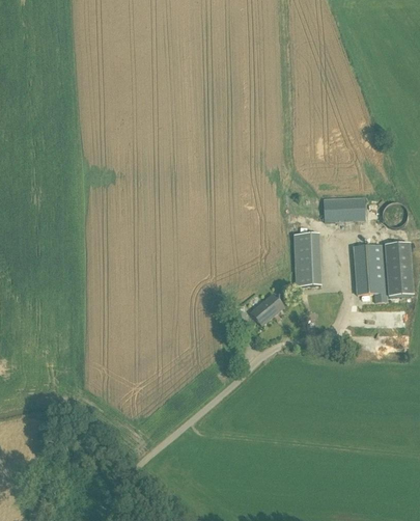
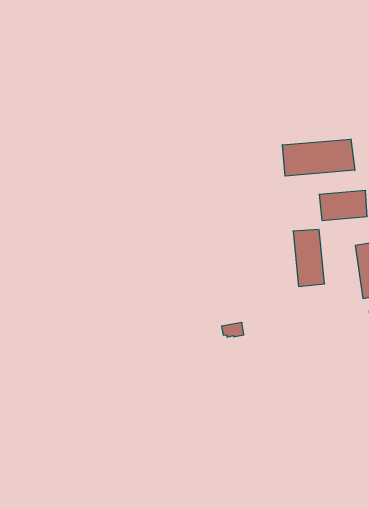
building: none -> [282,139,355,176]
building: [252,294,284,325] -> none

